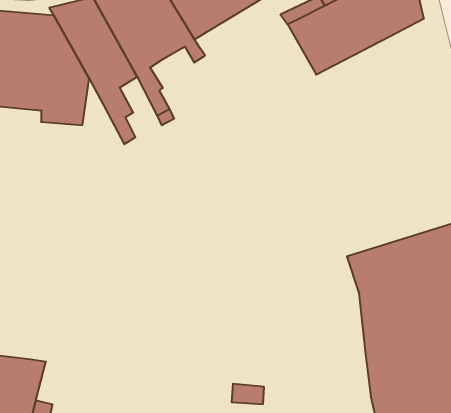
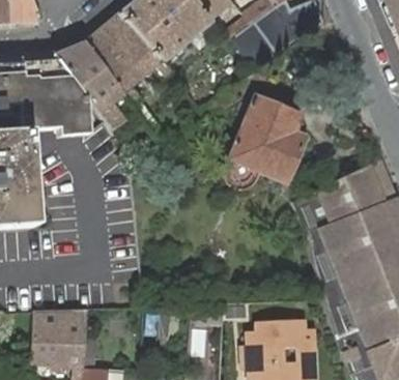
building: none -> [230,100,303,182]

